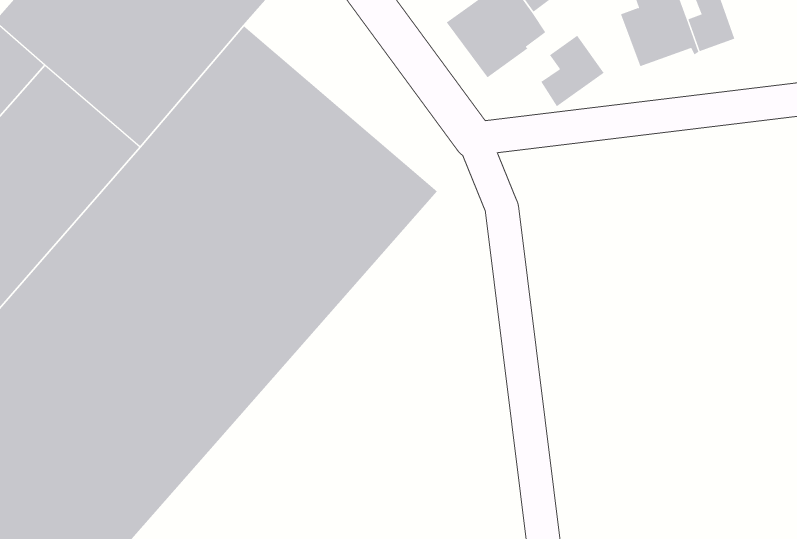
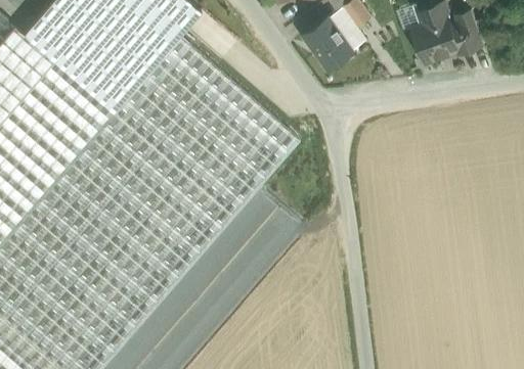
building: [540,35,604,107] -> none

